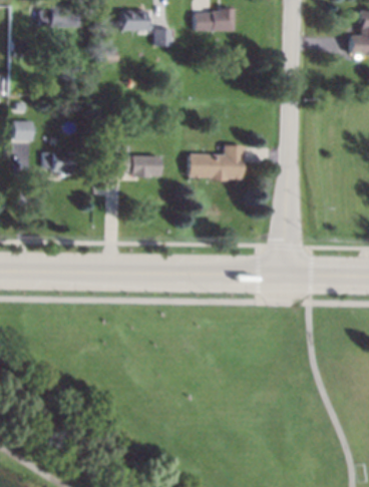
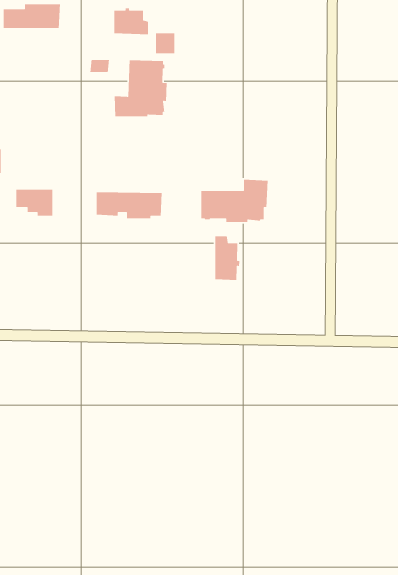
building: [195,9,234,31] -> none
building: none -> [114,59,168,117]
building: none -> [214,235,240,281]

